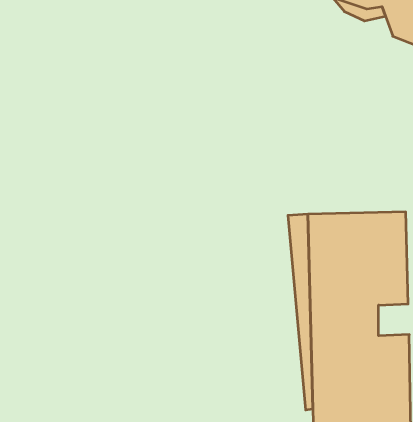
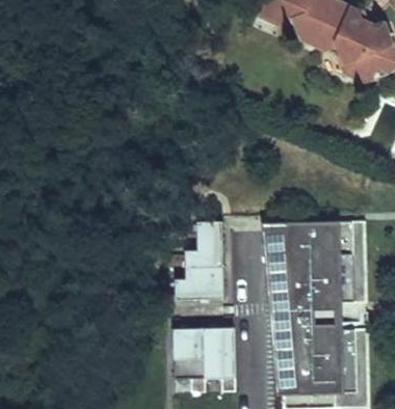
building: none -> [176,220,225,299]
building: none -> [174,327,236,391]

